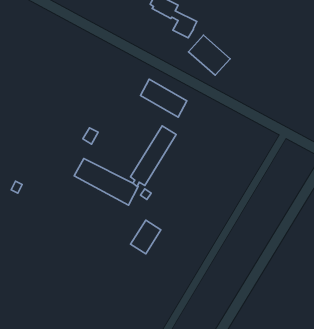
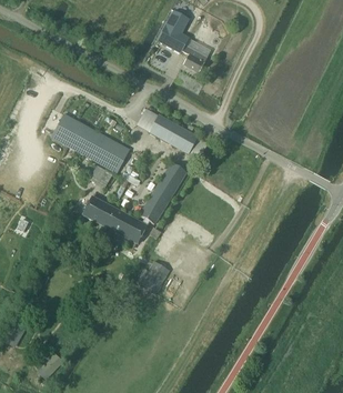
building: [189,35,230,75] -> none
building: none -> [52,113,130,172]

